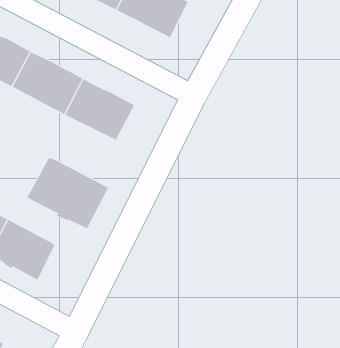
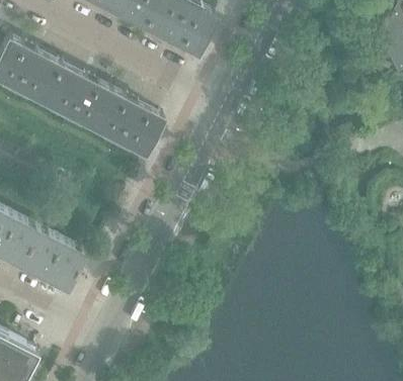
building: [26,157,109,229] -> none

